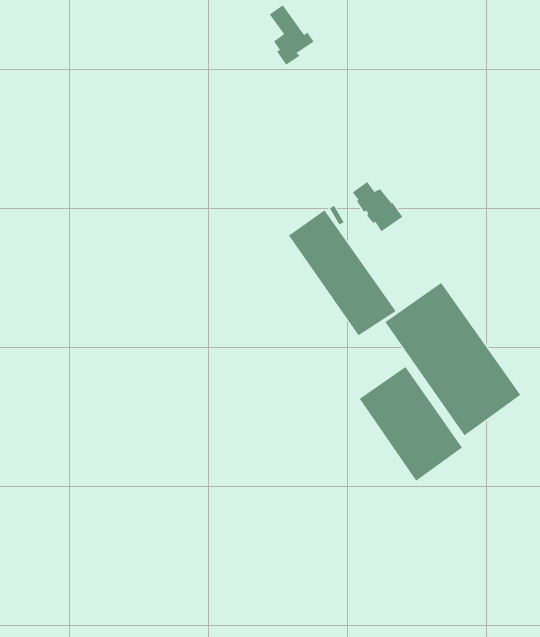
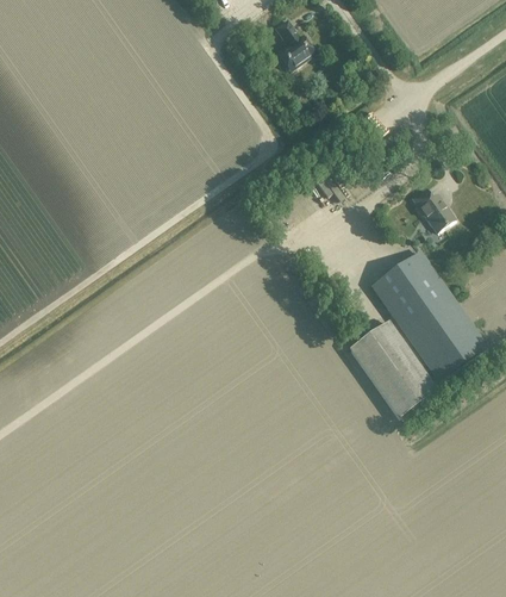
building: [352,181,403,233] -> [412,187,455,230]
building: [288,210,396,336] -> none

